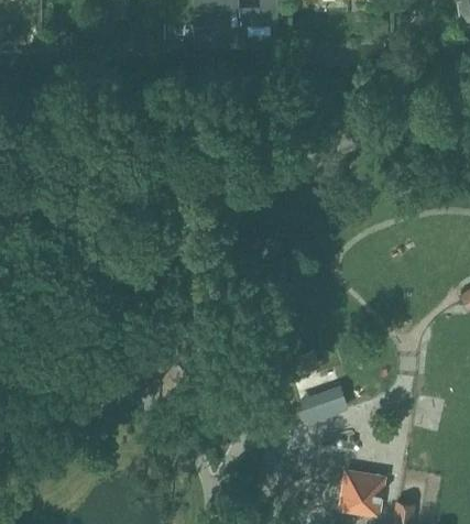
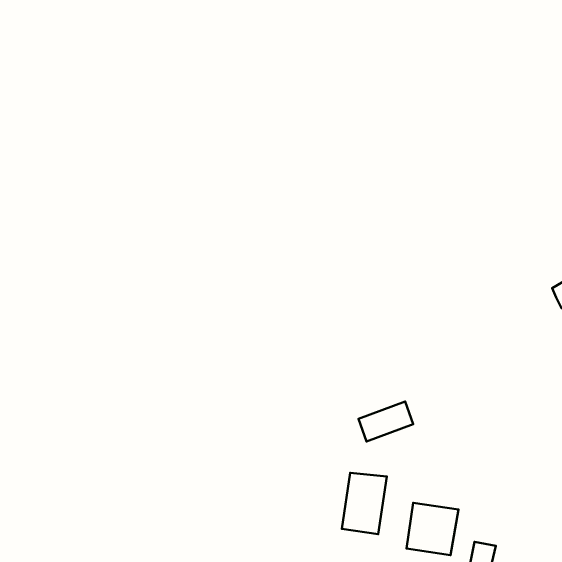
building: none -> [342,473,387,534]

